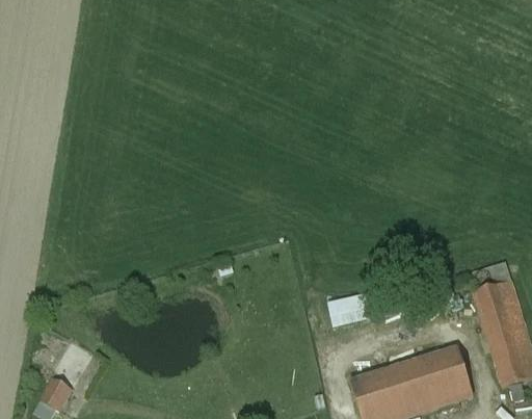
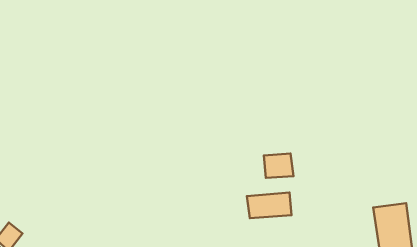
building: none -> [264,154,294,178]

